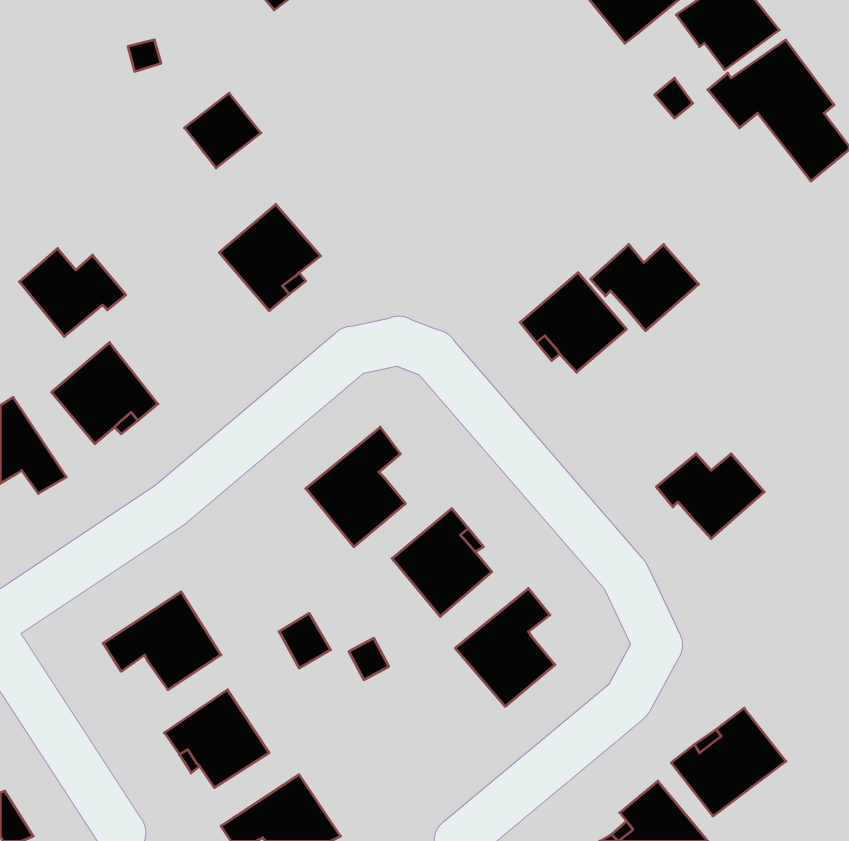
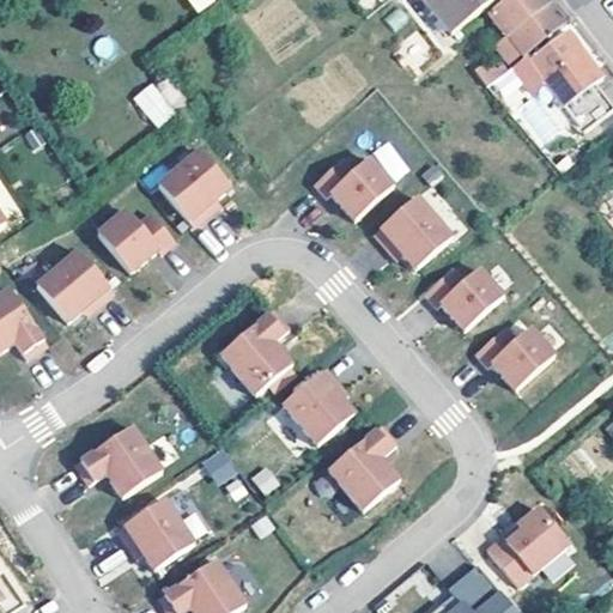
building: none -> [312,156,392,218]
building: [591,244,699,331] -> [425,267,503,329]
building: [19,248,126,337] -> [98,206,175,269]

